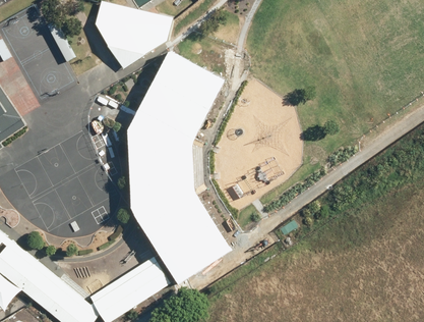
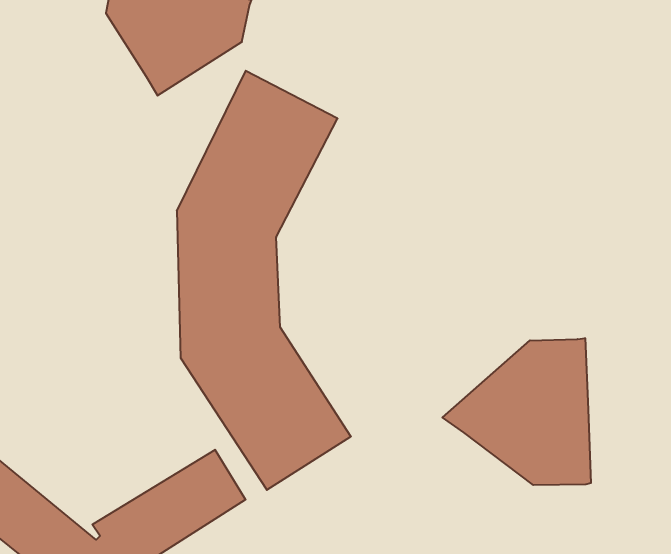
building: none -> [442,338,591,485]

